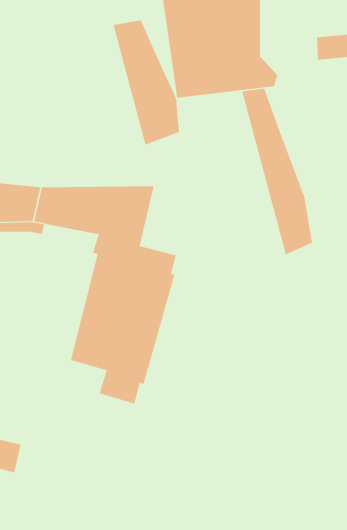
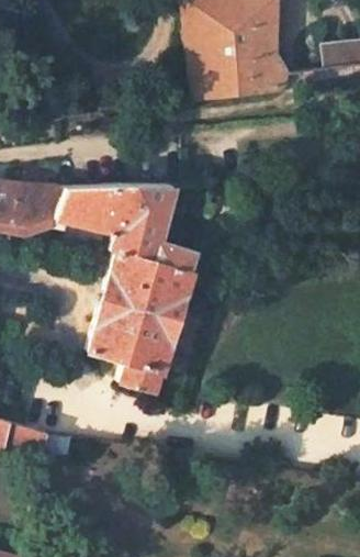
building: [113,19,180,145] -> none
building: [242,88,312,255] -> none

